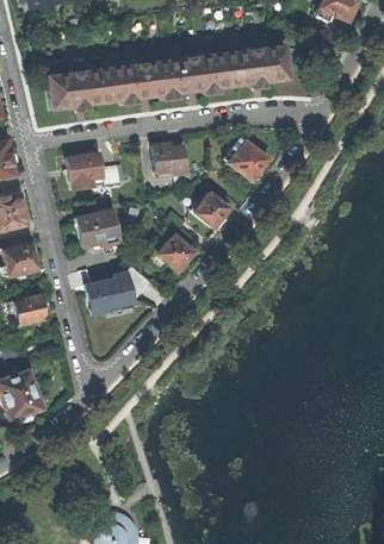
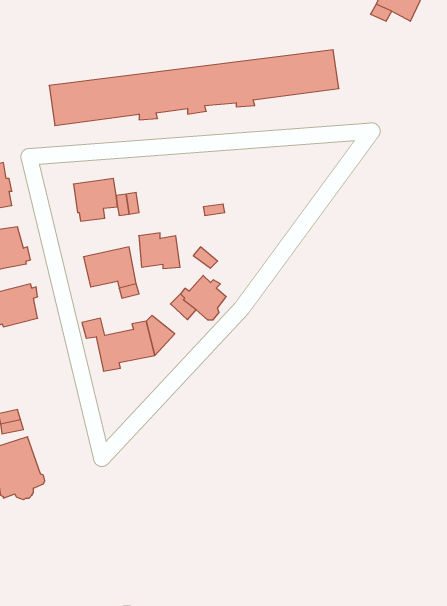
building: [225,139,268,181] -> none
building: [153,144,187,174] -> [139,233,180,269]
building: [193,192,230,229] -> none
building: [13,295,48,325] -> none

